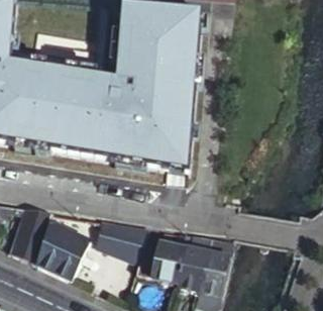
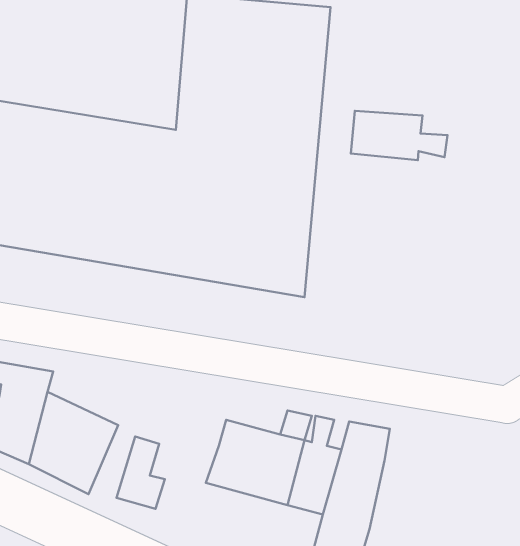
building: none -> [351,111,448,160]
building: [97,219,148,251] -> none

